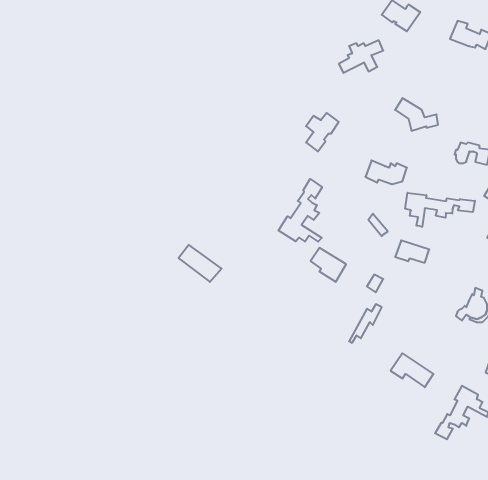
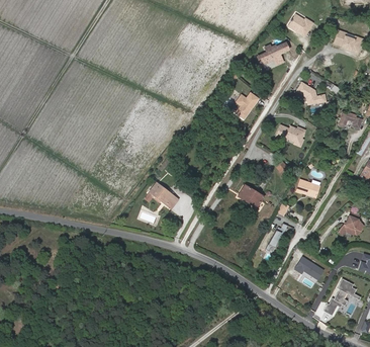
building: [279,179,322,242] -> none
building: [405,193,475,227] -> none

